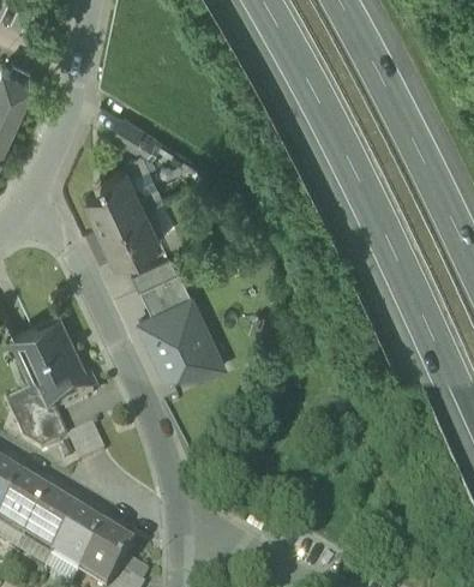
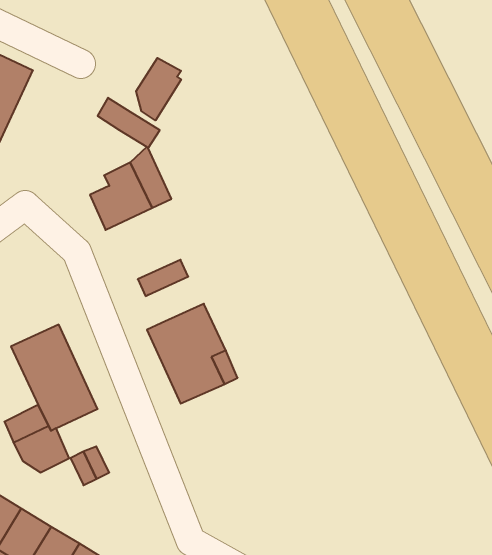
building: none -> [136,58,181,120]
building: [102,205,161,258] -> none
building: [142,268,193,312] -> none

